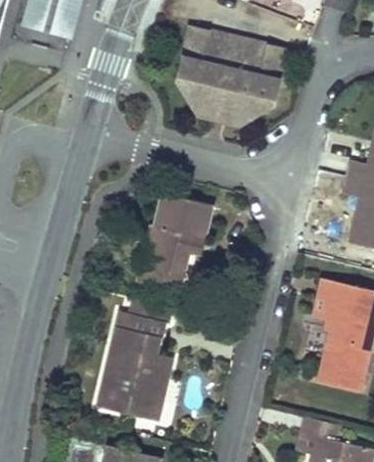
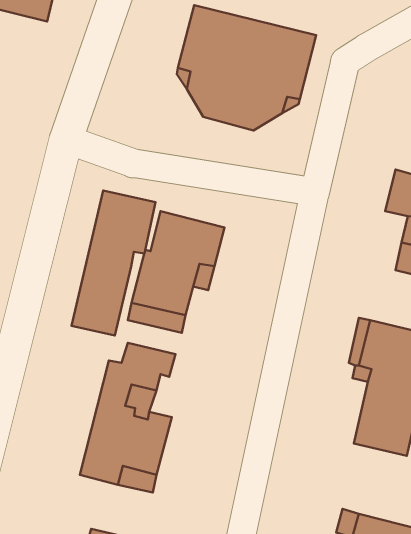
building: none -> [72,191,156,335]

